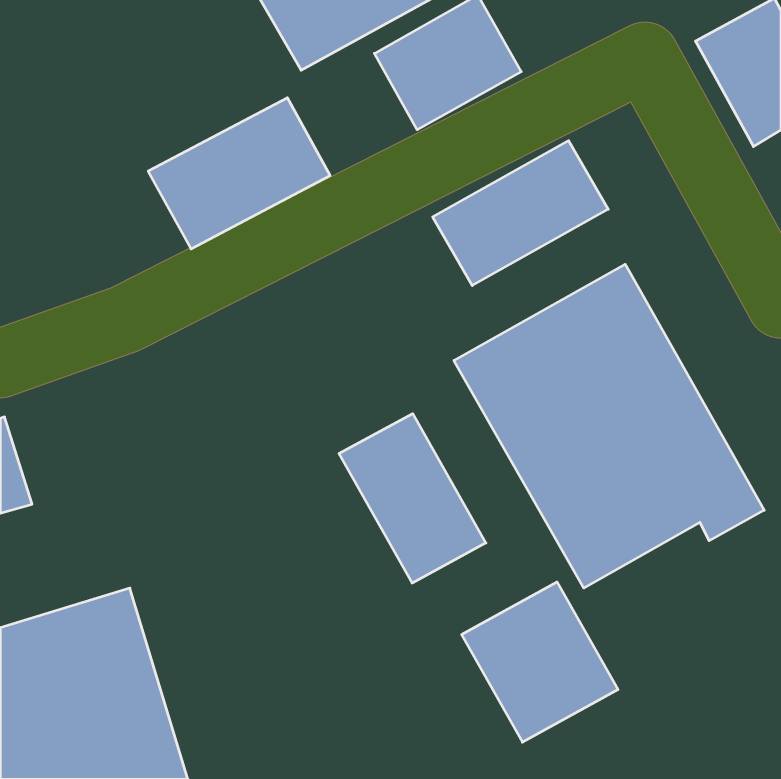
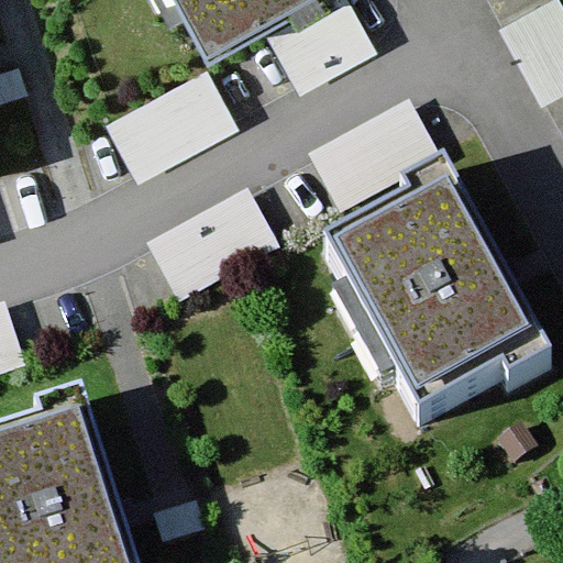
building: none -> [147,190,278,299]
building: [339,414,486,583] -> none
building: [462,582,618,742] -> none

